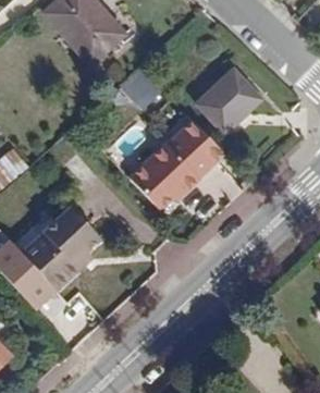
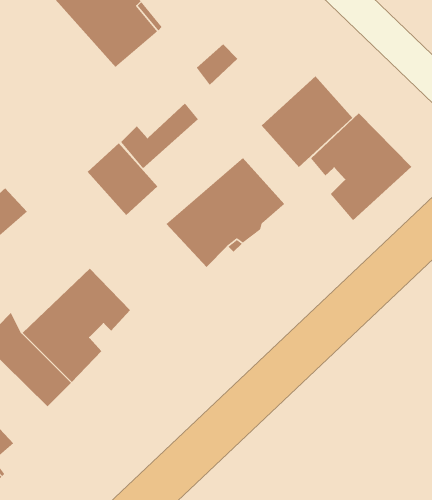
building: none -> [310,112,412,221]
building: none -> [87,142,158,216]

